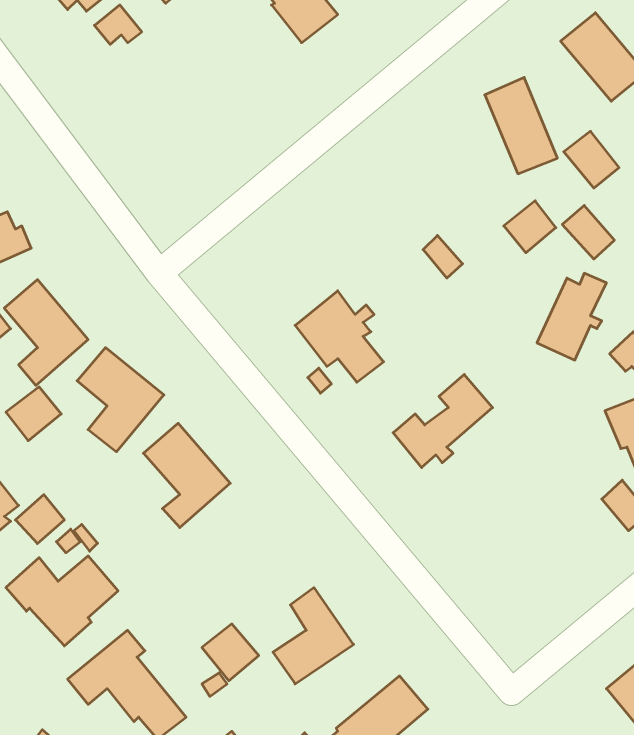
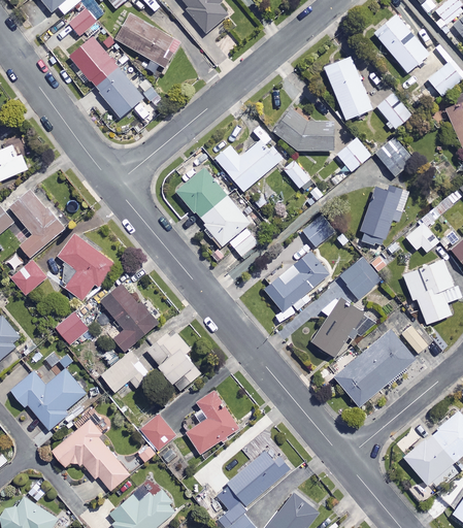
building: none -> [117,14,179,68]
building: none -> [70,37,143,118]
building: none -> [274,108,334,151]
building: none -> [216,140,283,191]
building: none -> [174,167,225,218]
building: none -> [303,216,333,245]
building: none -> [338,256,381,298]
building: none -> [310,296,365,357]
building: [15,495,64,544] -> [56,311,88,343]
building: none -> [334,330,415,406]
building: none -> [146,333,201,390]
building: none -> [101,350,151,391]

